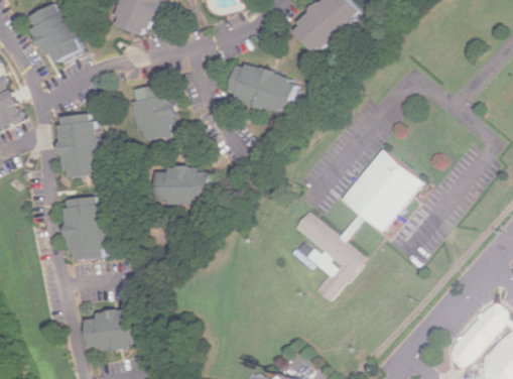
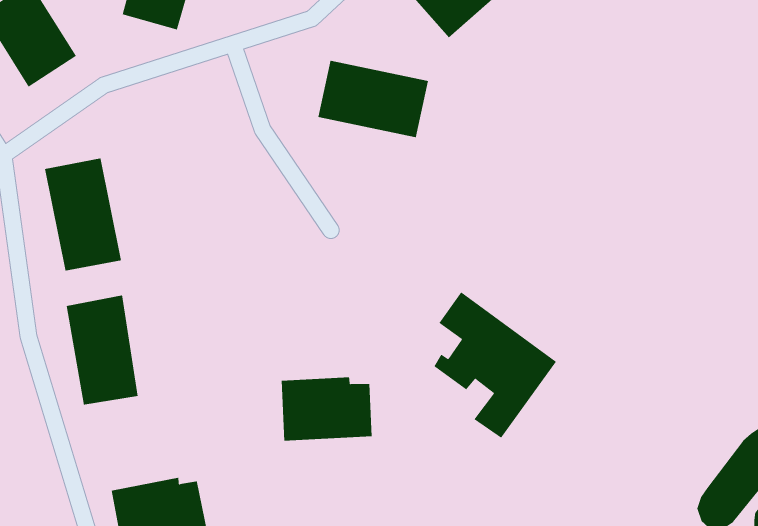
building: [128,85,172,142] -> none
building: [339,145,421,231] -> none
building: [154,166,210,205] -> [281,377,372,441]

